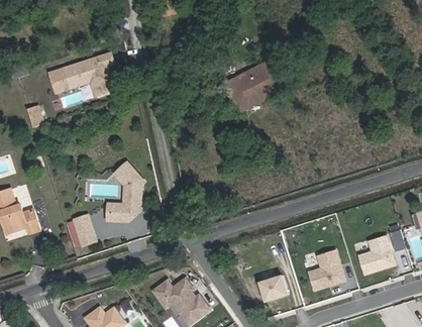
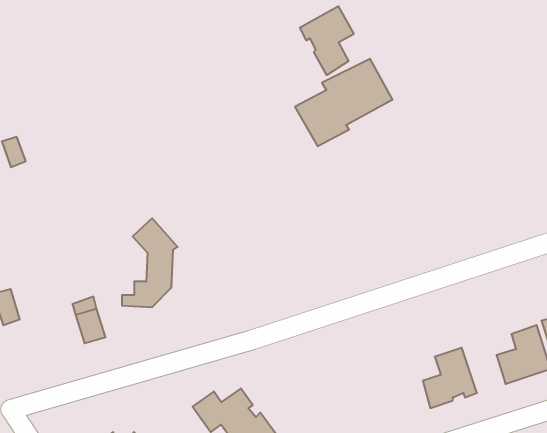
building: none -> [300,6,354,75]
building: [51,53,114,95] -> none
building: [258,276,287,302] -> none

